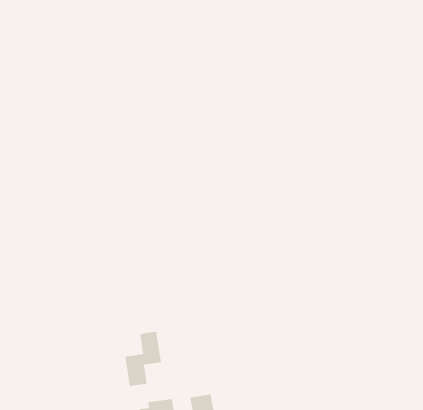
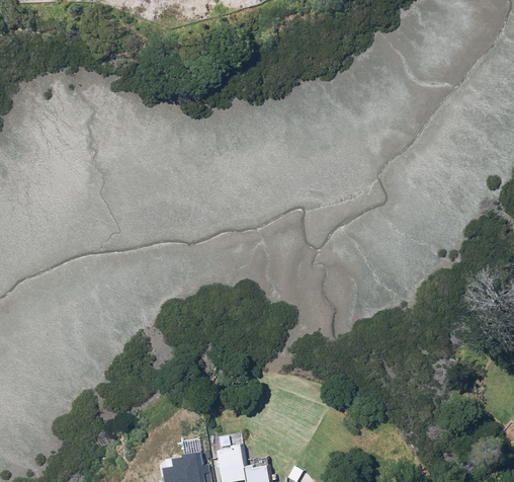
building: [125,331,161,387] -> none

